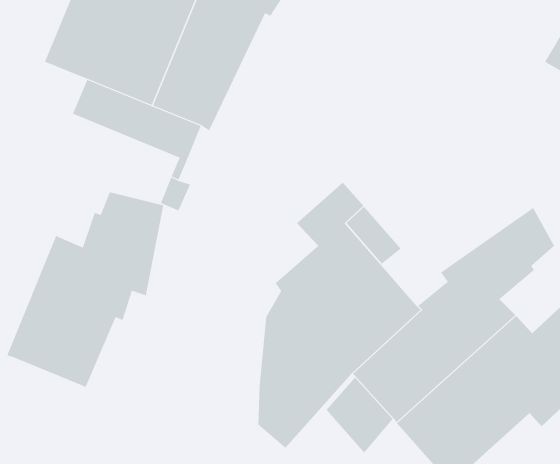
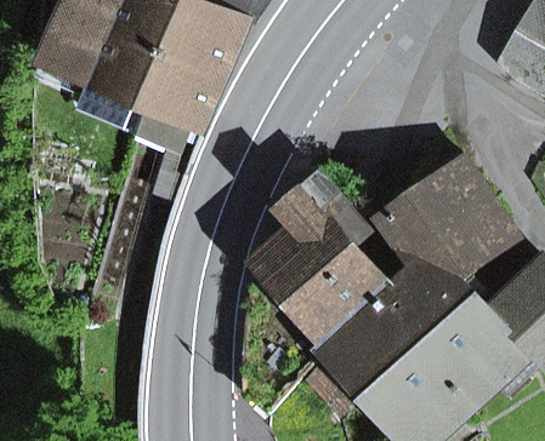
building: none -> [380,150,494,253]
building: [6,191,164,388] -> none

